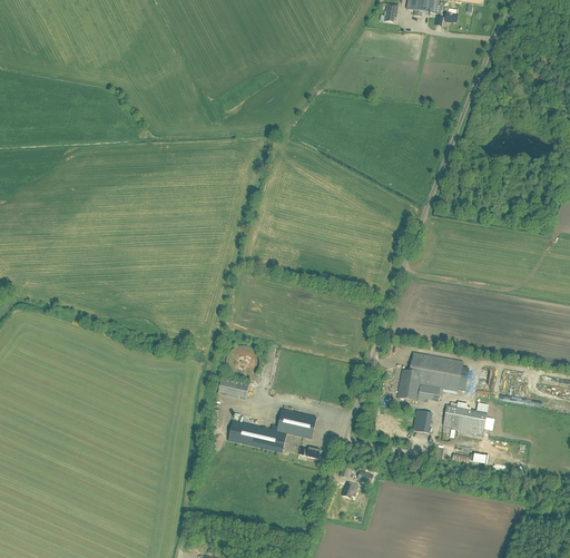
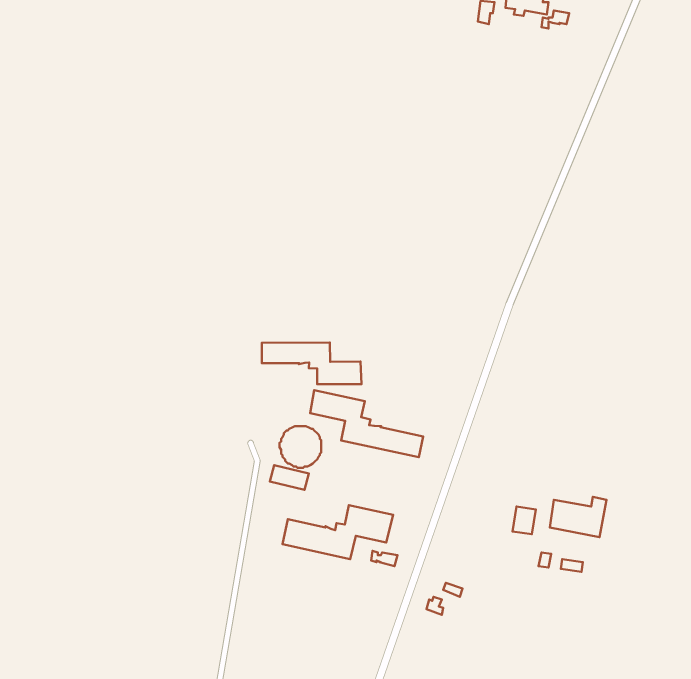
building: none -> [262,343,361,384]
building: none -> [310,390,423,457]
building: [397,351,463,401] -> none

